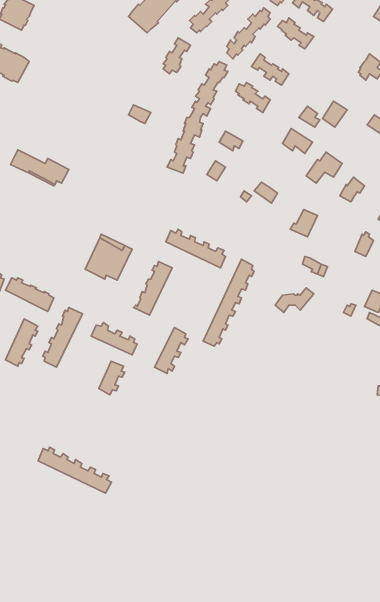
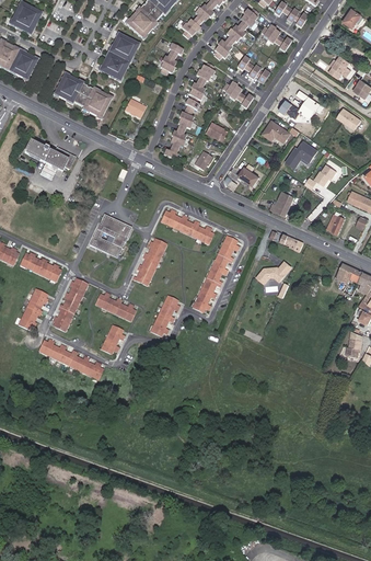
building: none -> [101,31,139,78]
building: none -> [56,75,113,118]
building: [38,447,112,493] -> [38,339,103,379]

